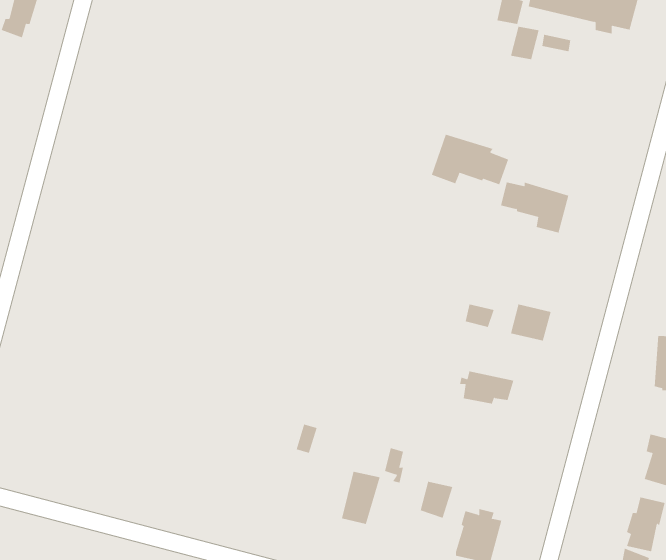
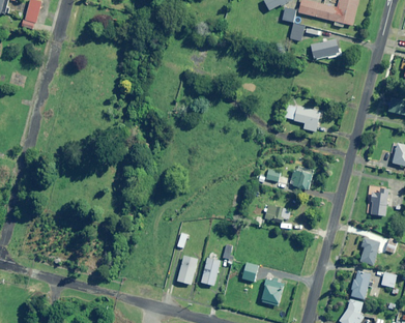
building: none -> [310,38,340,59]
building: [431,134,509,185] -> none
building: none -> [177,255,198,284]

